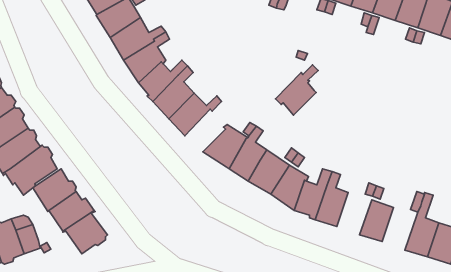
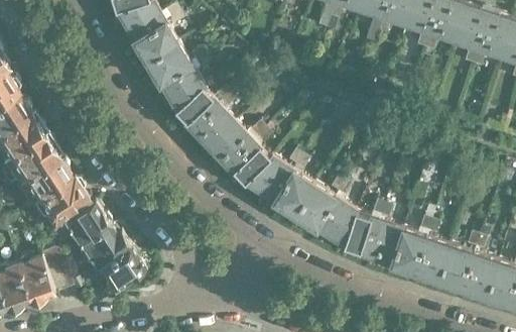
building: [276,65,318,115] -> [224,127,269,181]
building: none -> [386,224,423,269]
building: none -> [434,240,472,286]

